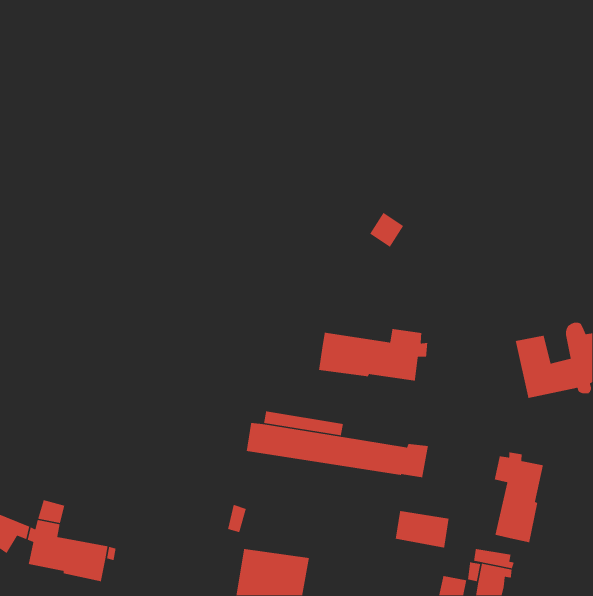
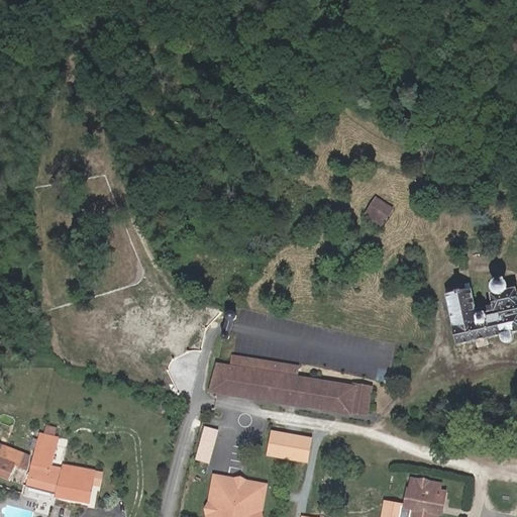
building: [369,212,404,248] -> [361,196,392,227]
building: [318,328,428,382] -> none
building: [494,451,544,543] -> none
building: [395,510,450,549] -> [266,430,313,463]

